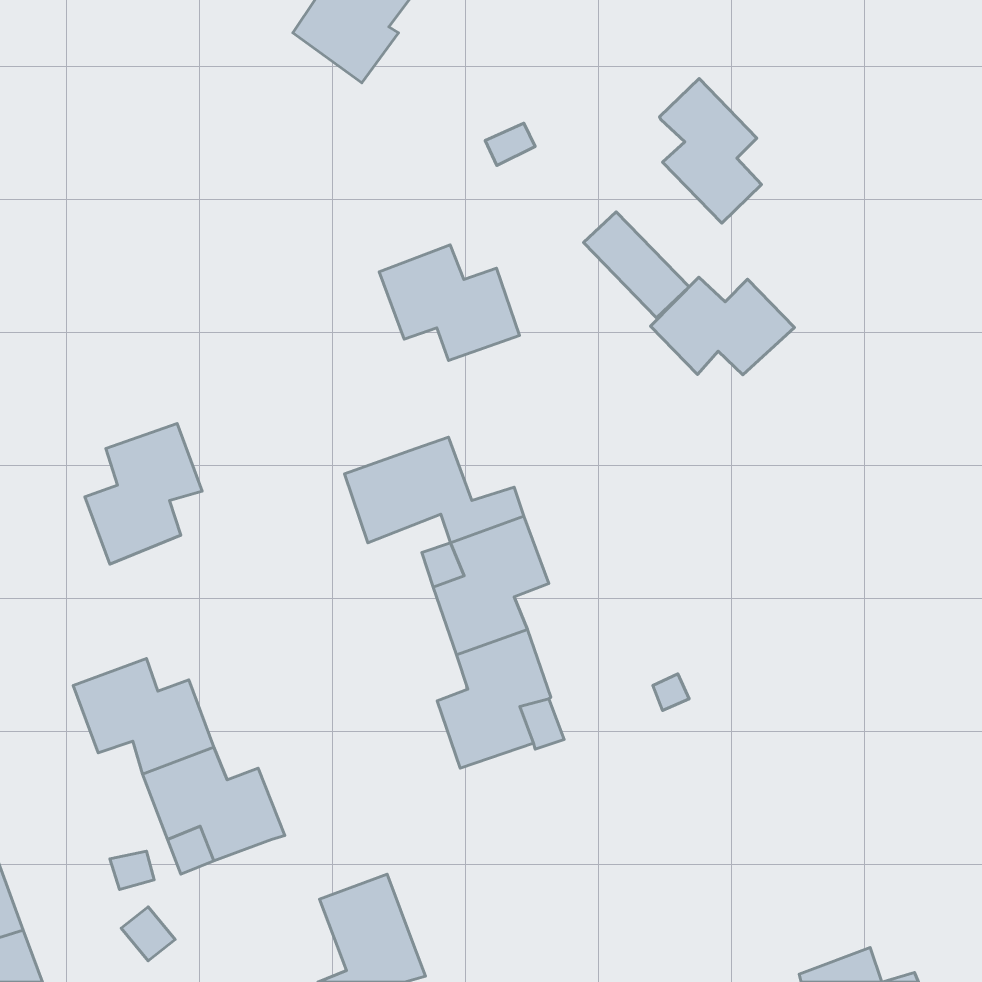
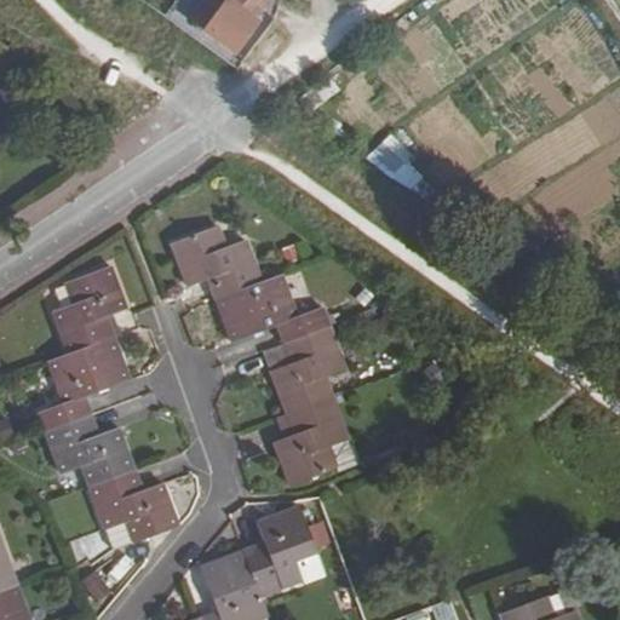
building: [660,78,761,223] -> none
building: [379,245,520,361] -> [173,225,262,298]
building: [650,277,795,375] -> none
building: none -> [40,337,130,431]
building: none -> [243,505,316,595]

